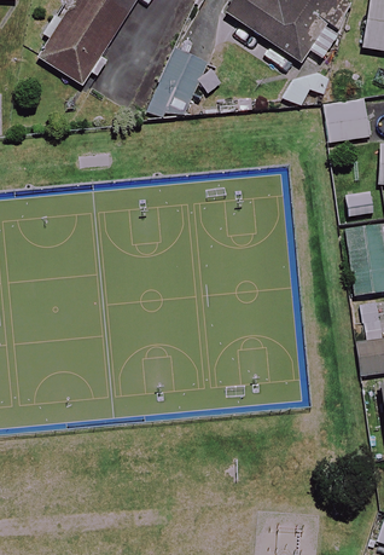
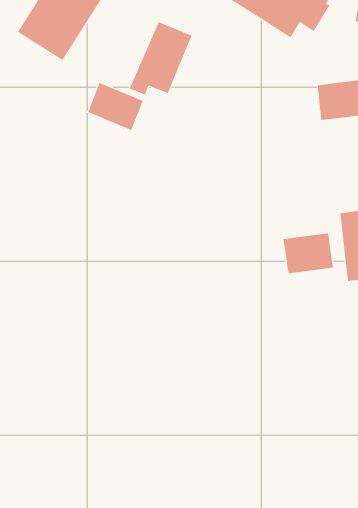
building: none -> [87,82,143,131]
building: none -> [283,233,334,274]

